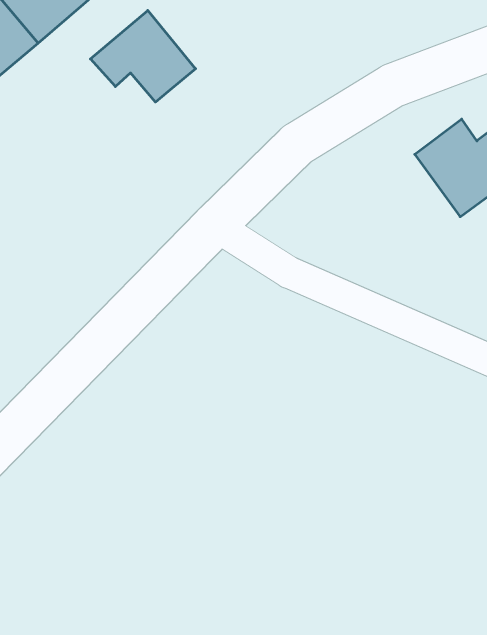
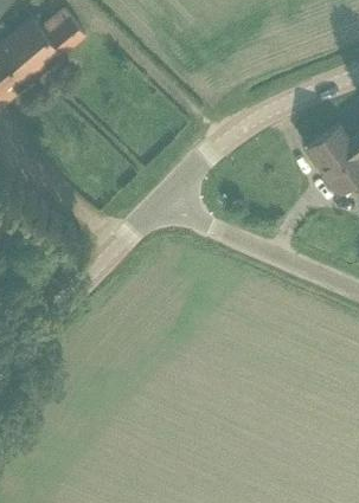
building: [90,10,196,102] -> none

